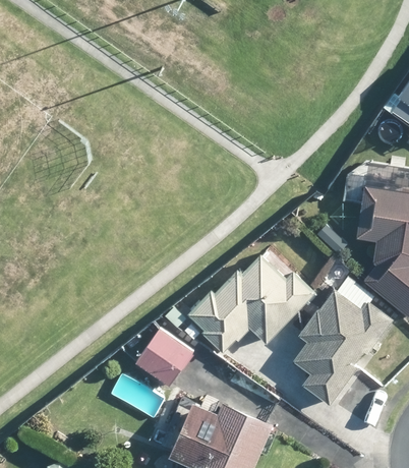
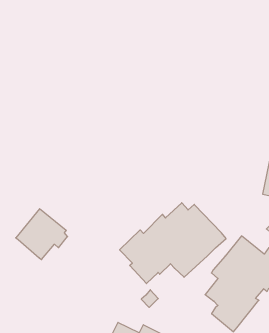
building: [135,326,197,387] -> [16,209,68,260]

